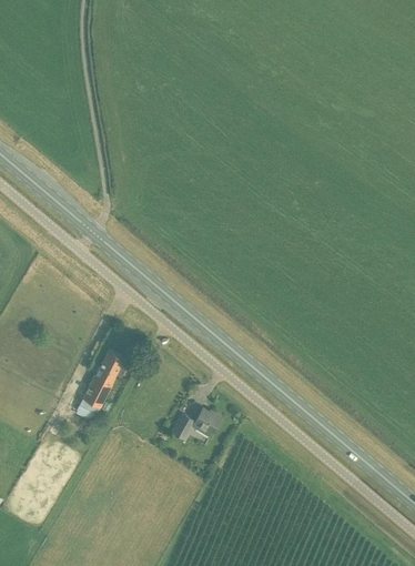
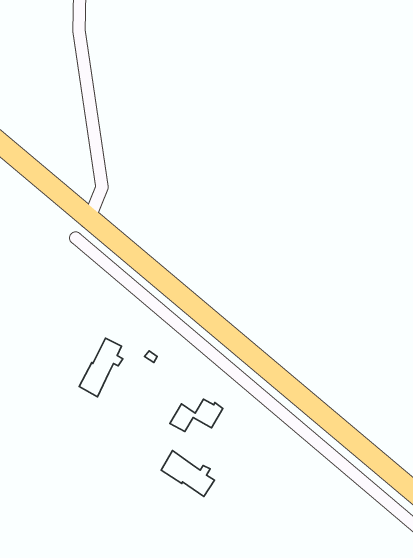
building: none -> [161,451,214,496]

